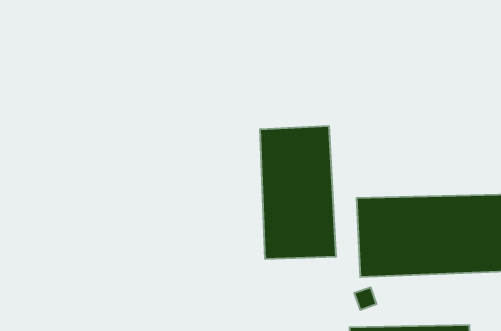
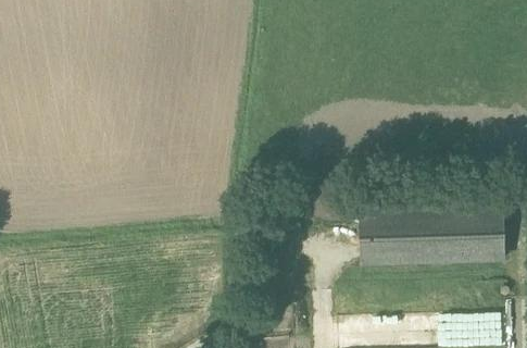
building: [260,126,336,259] -> none

